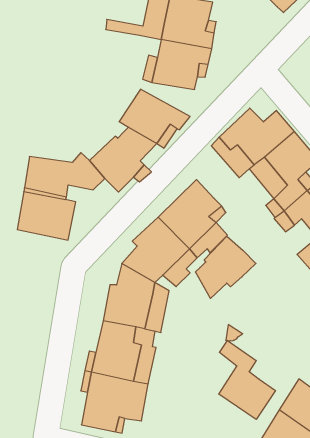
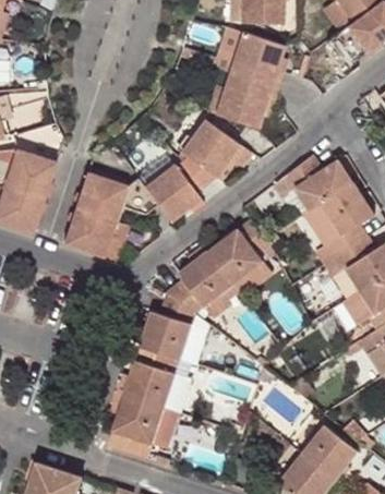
building: [195,236,256,298] -> none
building: [219,340,275,419] -> none

